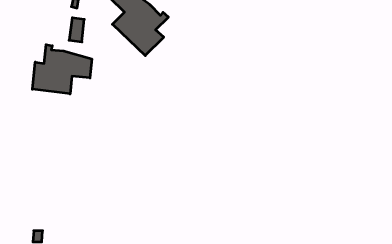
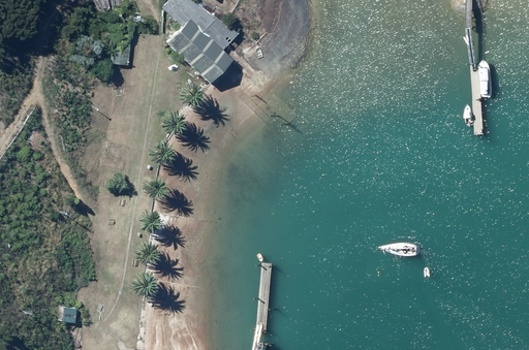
building: [32,45,92,94] -> none

